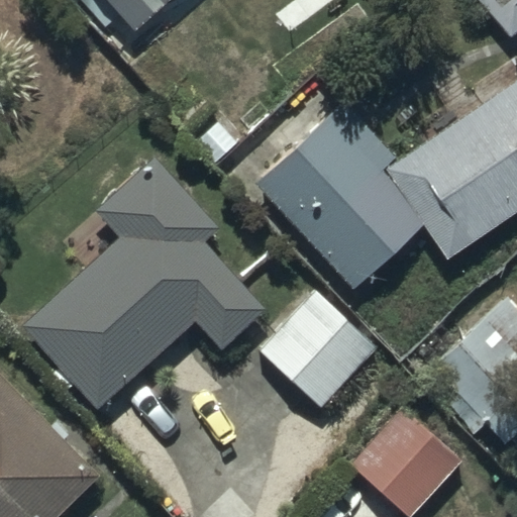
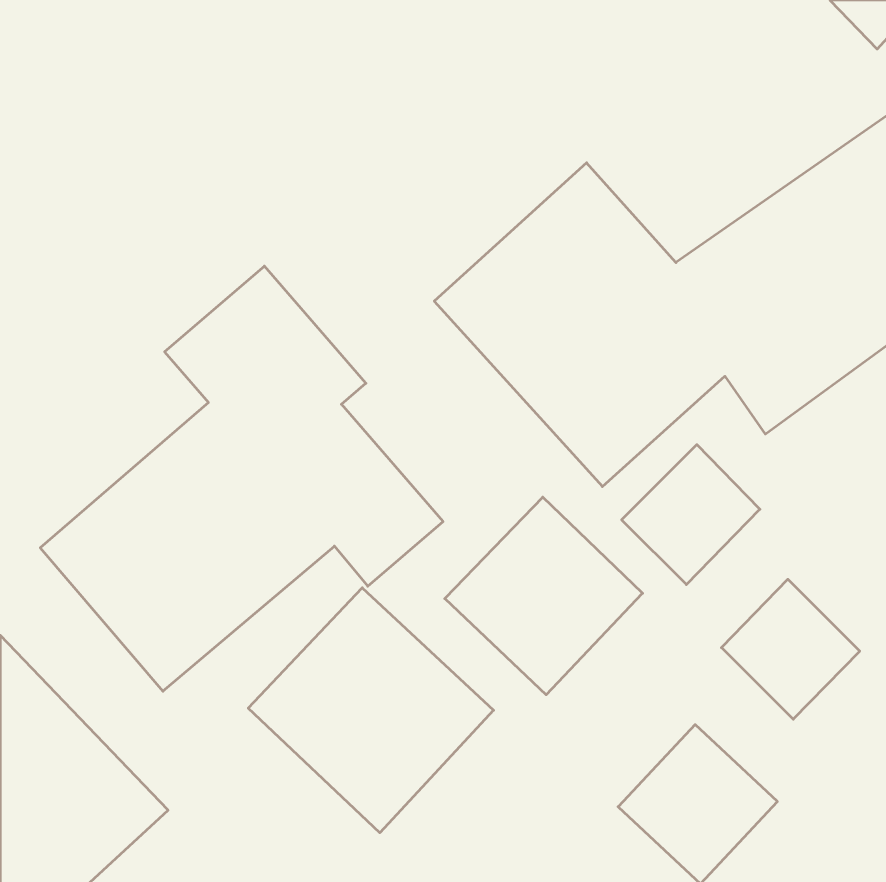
building: none -> [248,588,494,833]

